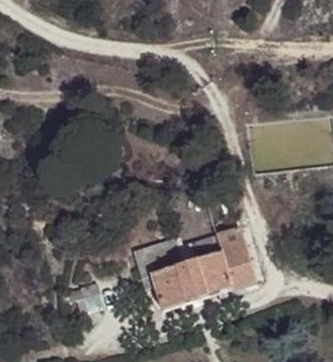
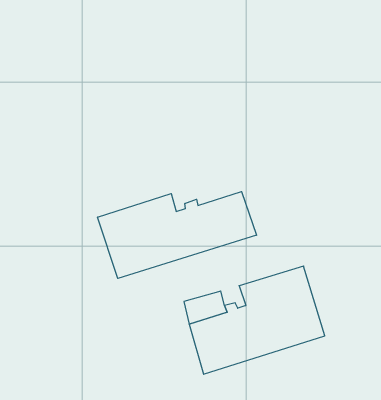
building: none -> [98,192,257,278]

